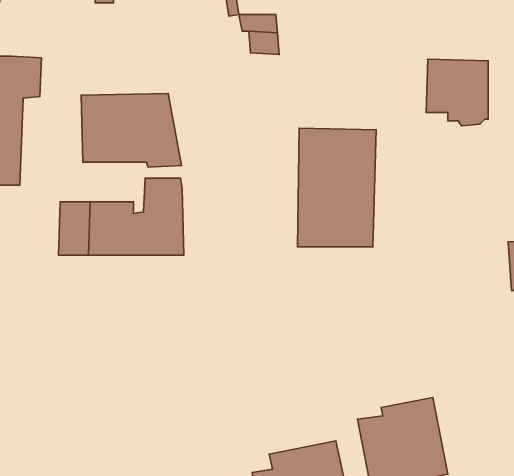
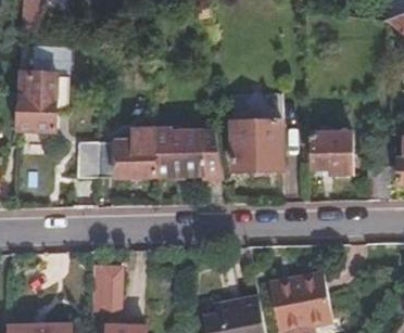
building: [426,59,488,126] -> [314,132,354,176]
building: [81,93,181,167] -> [157,131,223,179]
building: none -> [90,268,123,311]

